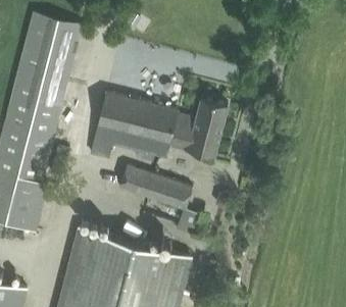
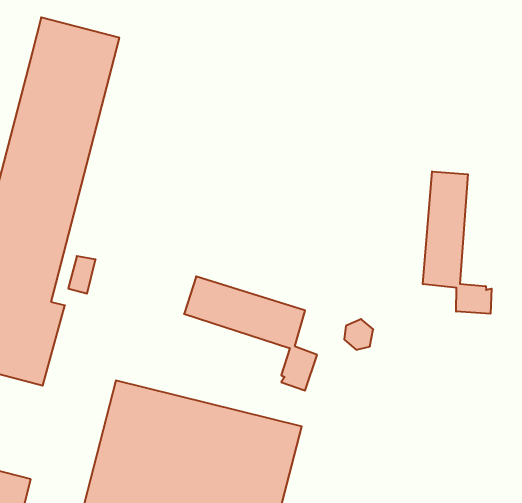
building: [89,93,226,159] -> none
building: none -> [423,171,492,314]

